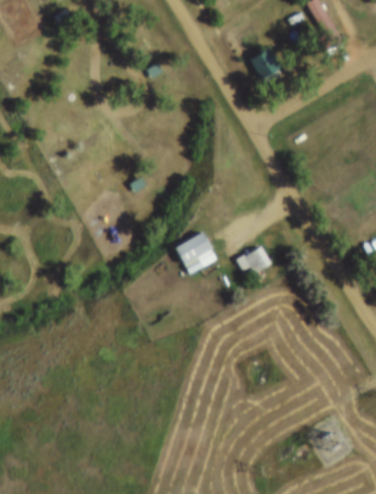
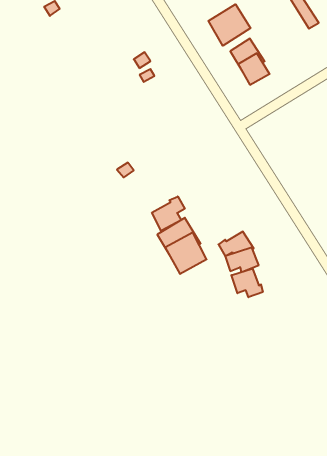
building: none -> [208,4,250,46]
building: none -> [152,196,185,231]
building: none -> [231,268,263,297]

